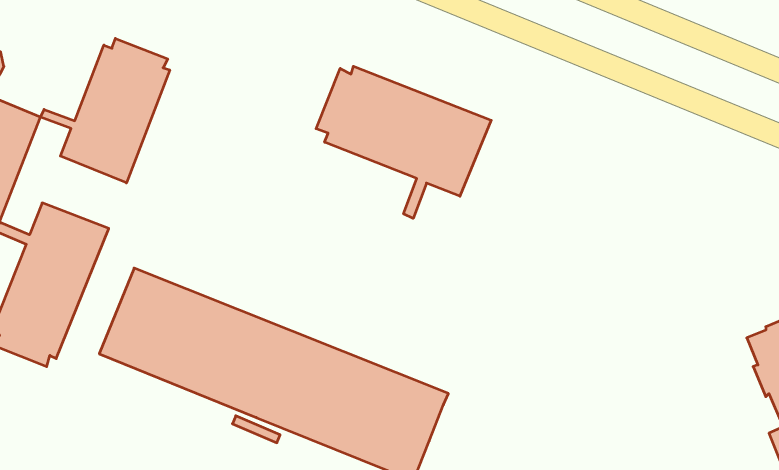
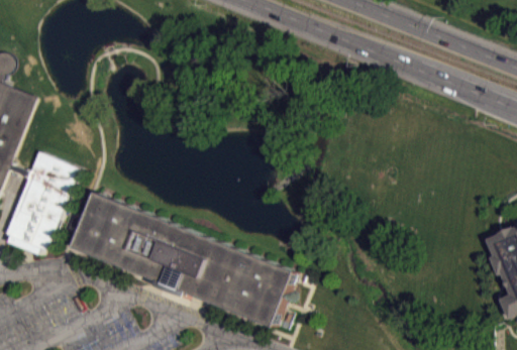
building: [40,38,170,183] -> none
building: [316,66,491,218] -> none

